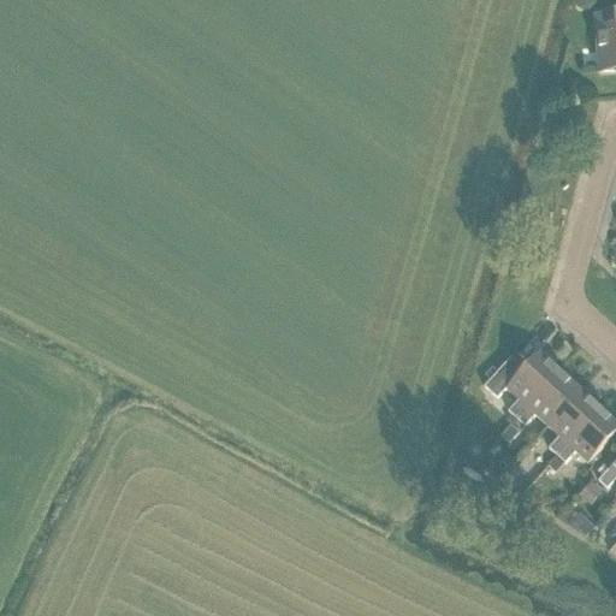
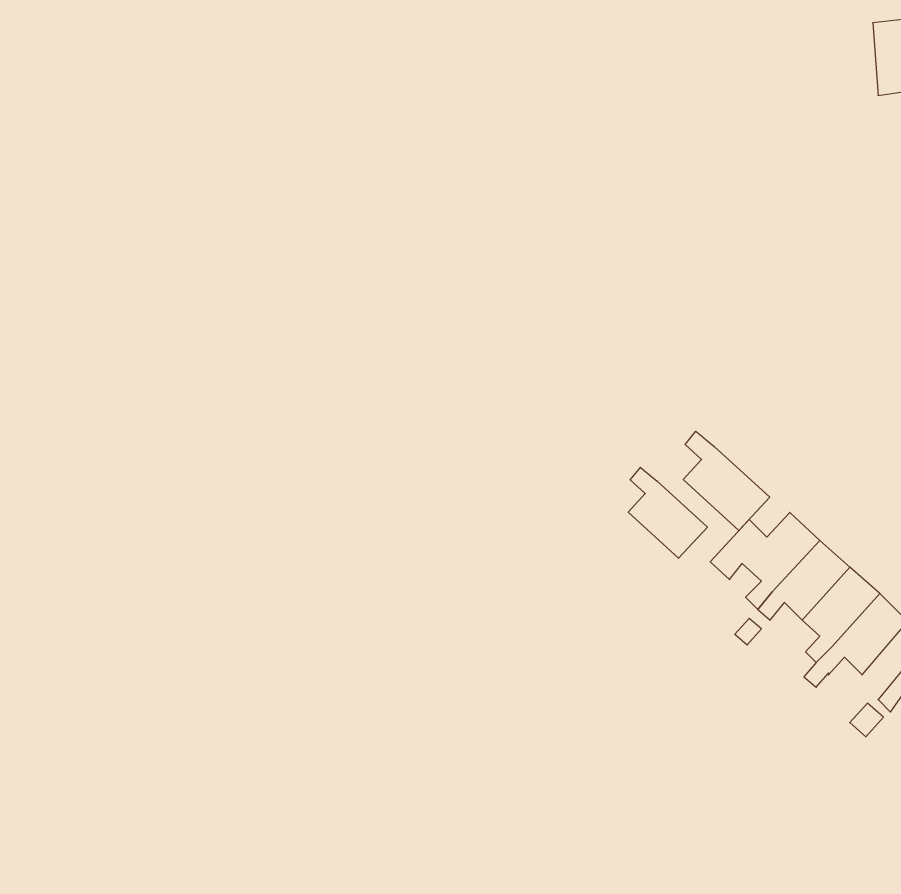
building: none -> [683,431,770,530]
building: none -> [628,467,707,558]

